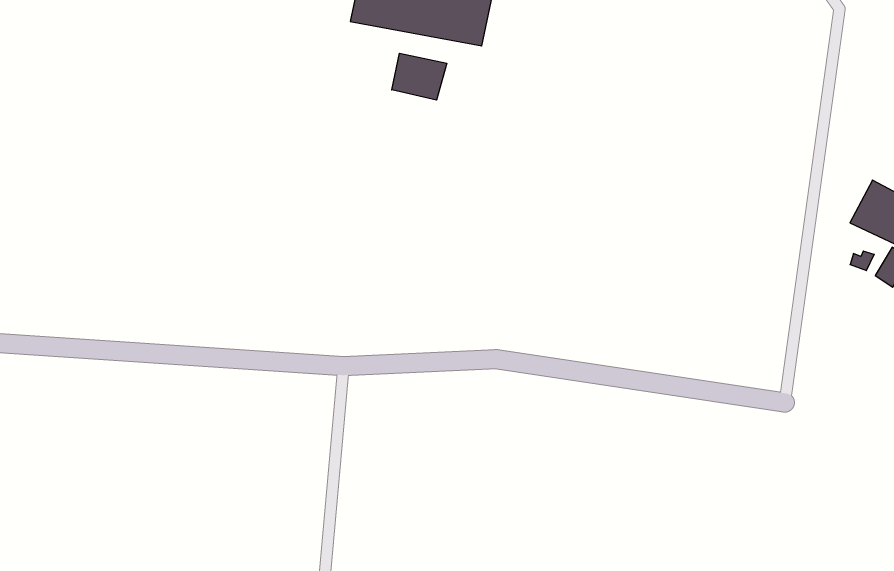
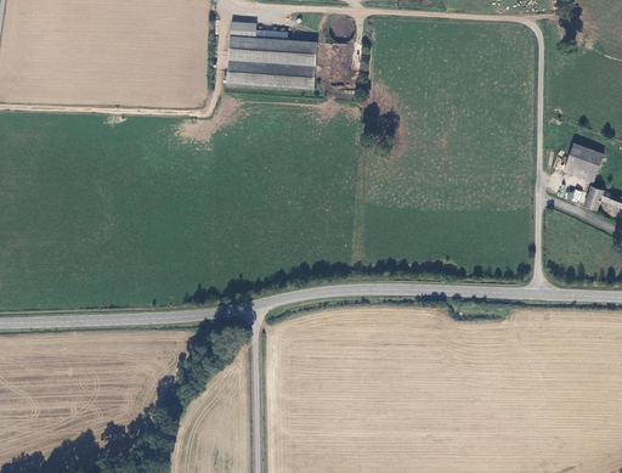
building: [392,53,447,100] -> none

